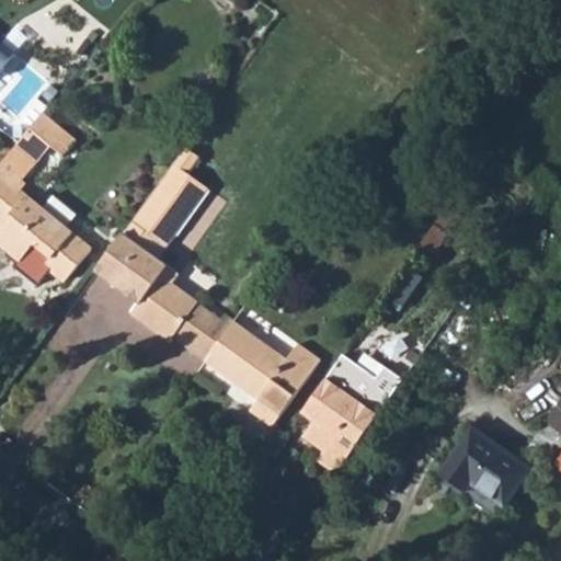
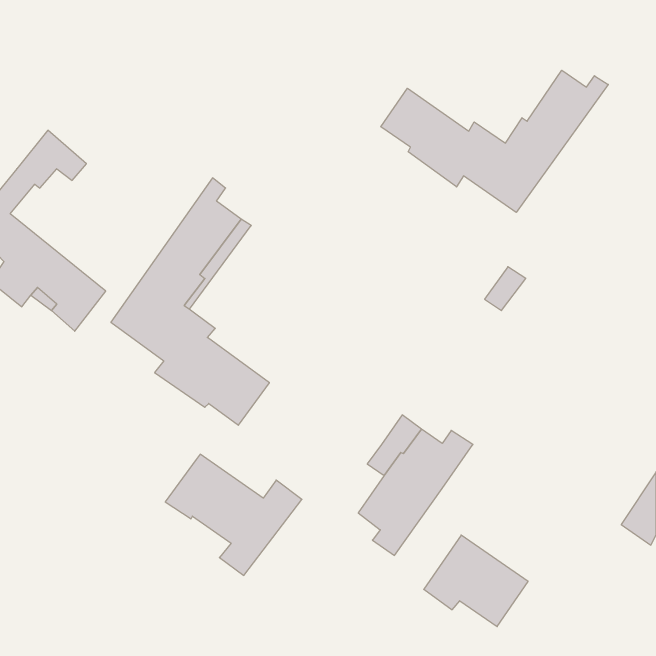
building: none -> [381,70,608,212]
building: [203,321,319,424] -> [165,454,302,575]
building: [439,427,528,505] -> [424,535,528,627]

